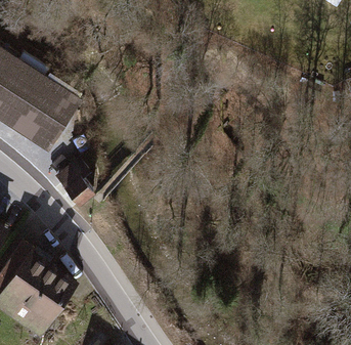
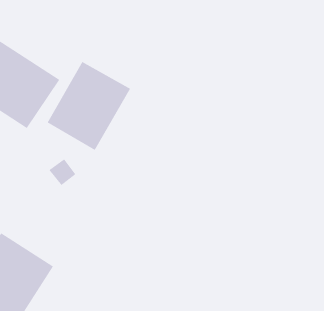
building: none -> [47,61,131,151]

